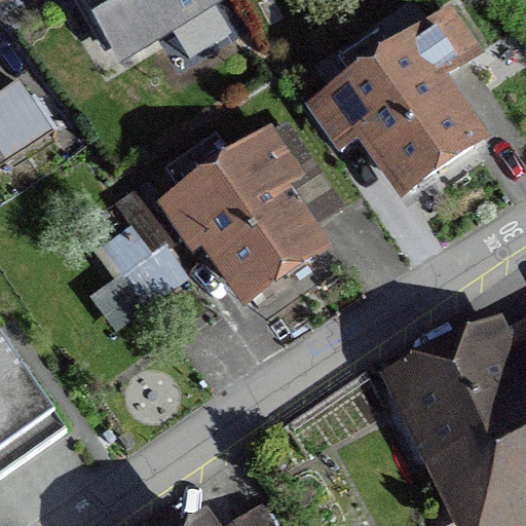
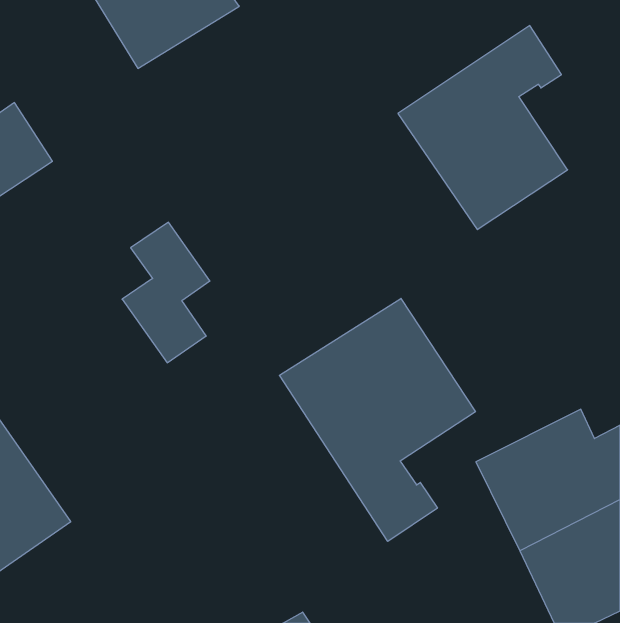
building: [162,113,318,301] -> none
building: none -> [279,298,475,541]

